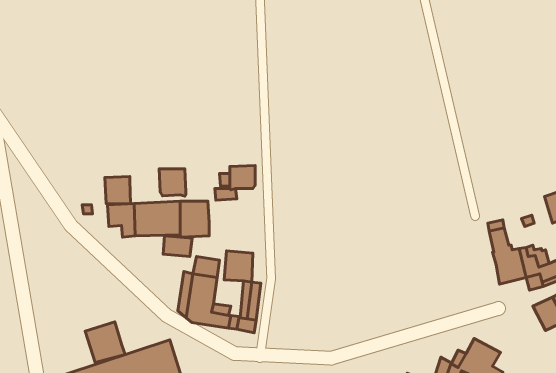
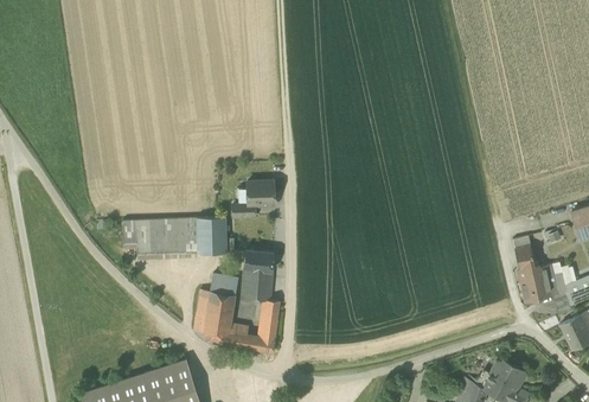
building: [159,169,186,196] -> none
building: [105,177,131,204] -> none
building: [163,236,192,257] -> [244,250,274,272]
building: [85,322,125,363] -> none

